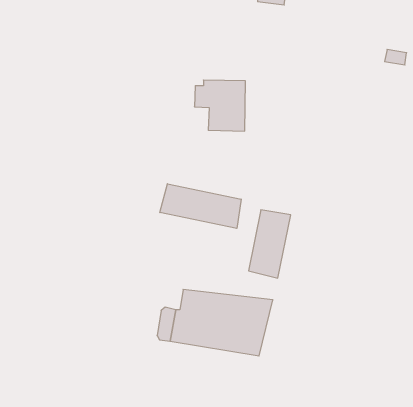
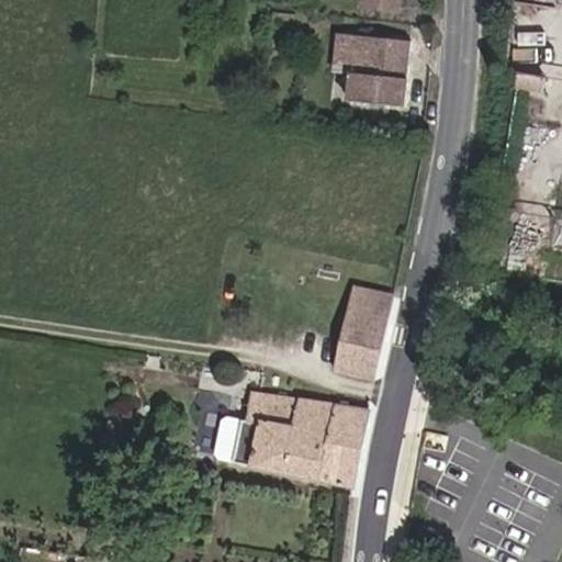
building: [194,80,245,131] -> [329,35,398,104]
building: [160,184,241,228] -> none

